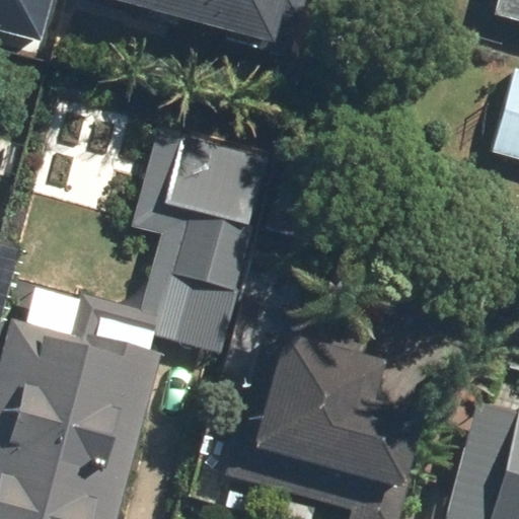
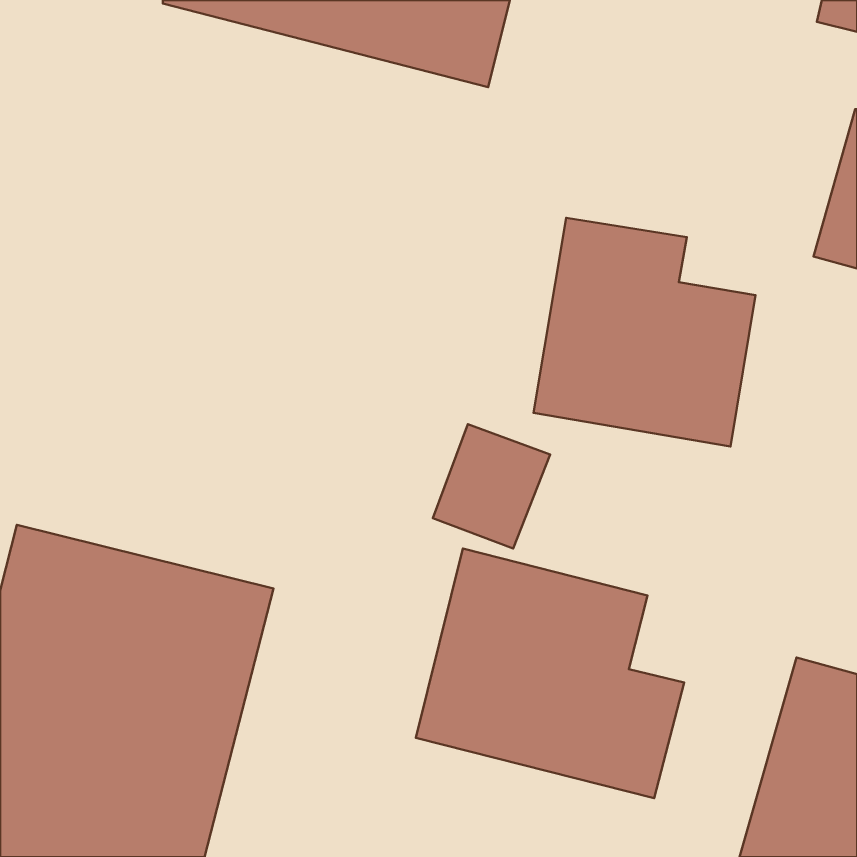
building: [136,131,260,350] -> none
building: none -> [534,218,756,446]

